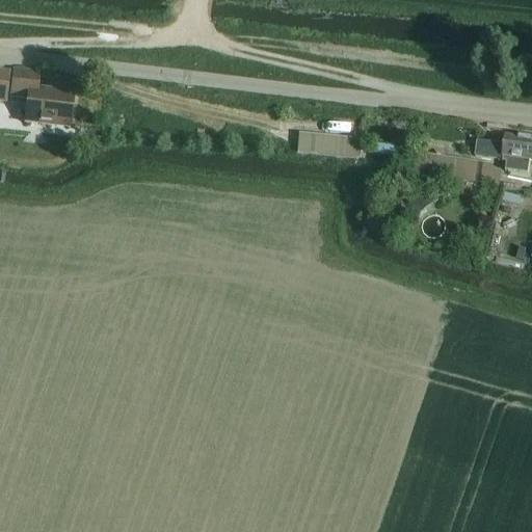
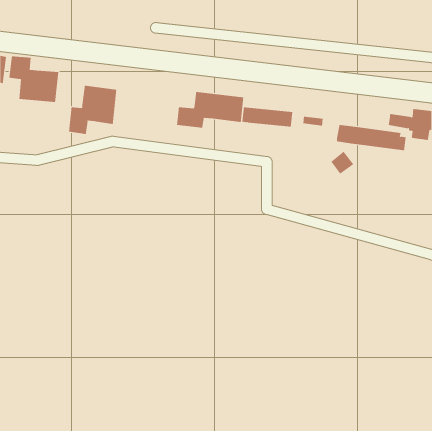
building: none -> [68,85,117,135]
building: none -> [177,91,244,128]

